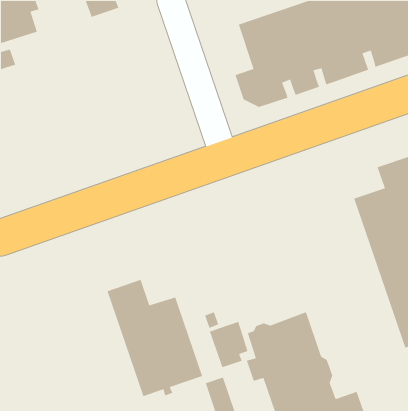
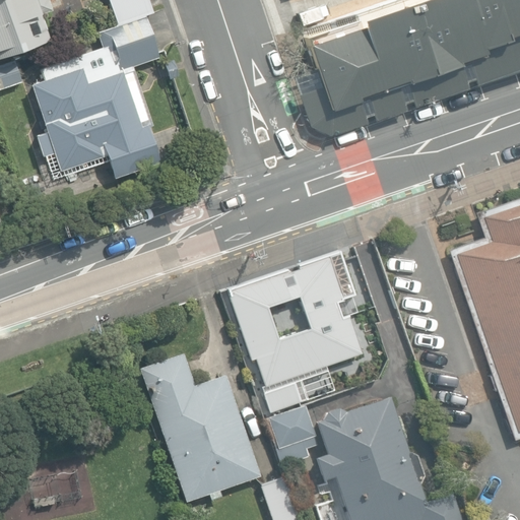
building: none -> [32,19,165,177]
building: none -> [228,253,369,391]

